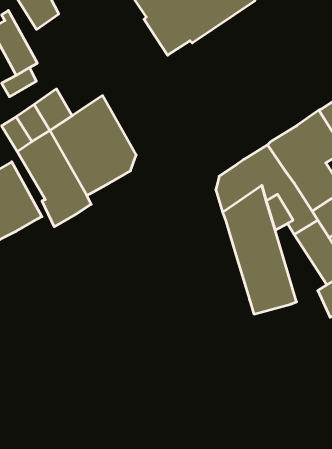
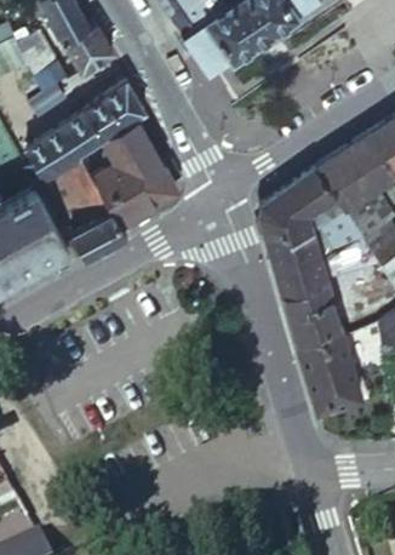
building: none -> [65,27,111,73]
building: none -> [87,84,145,139]
building: none -> [300,341,363,412]

